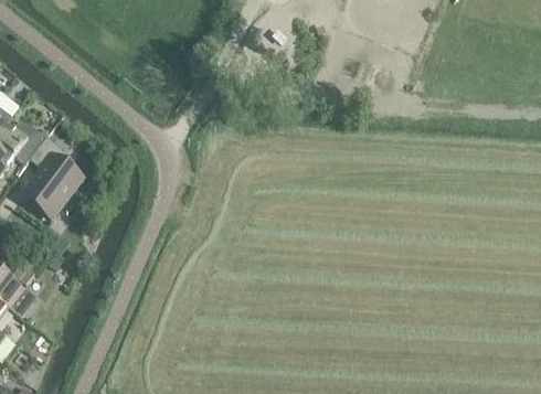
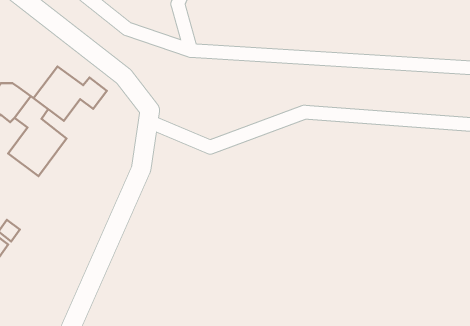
building: none -> [33,66,107,121]

